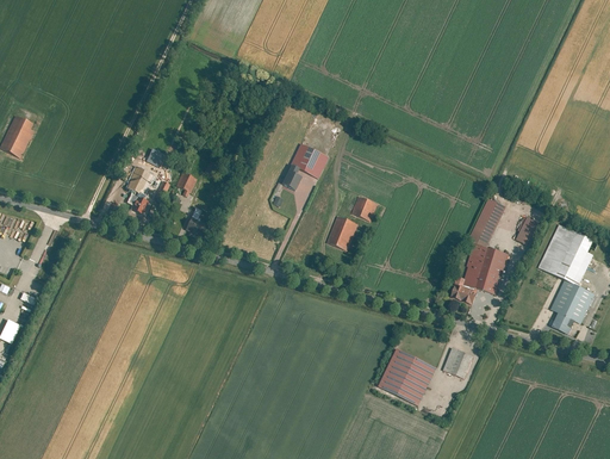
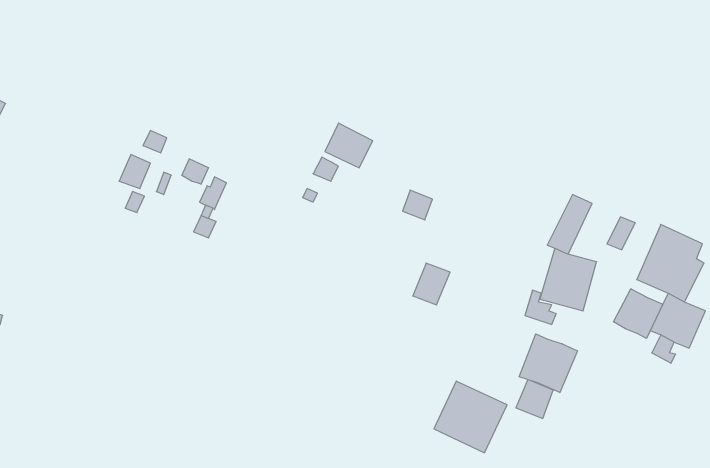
building: [328,216,357,249] -> [413,263,450,305]
building: none -> [614,289,663,338]
building: none -> [519,334,578,393]

